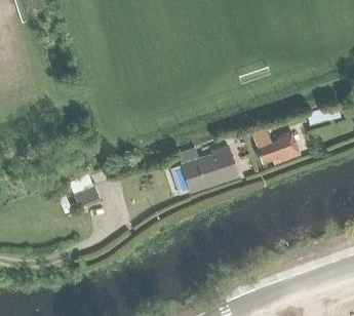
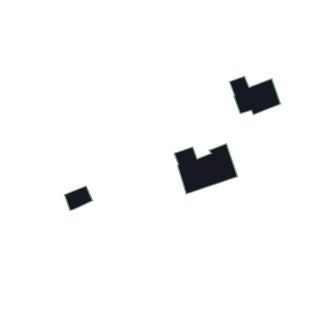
building: [253,131,302,167] -> [229,77,281,115]

